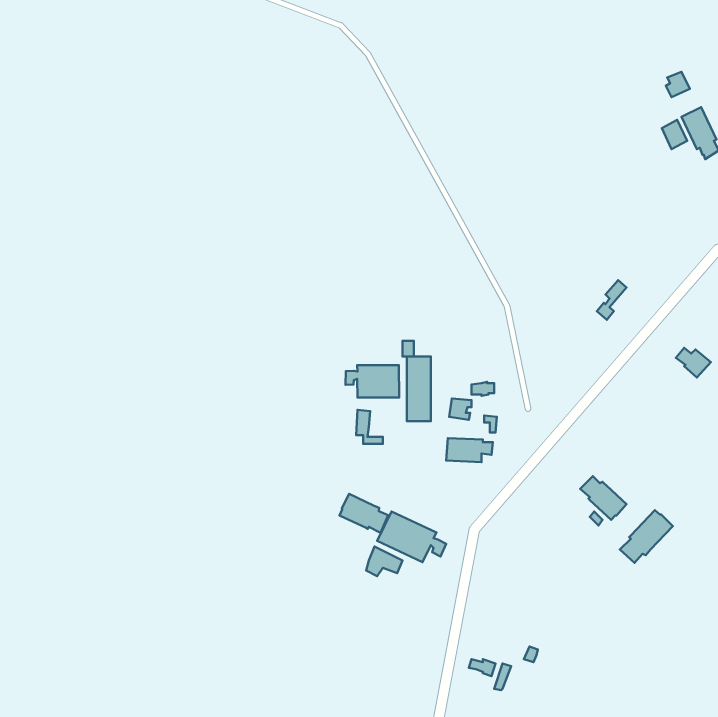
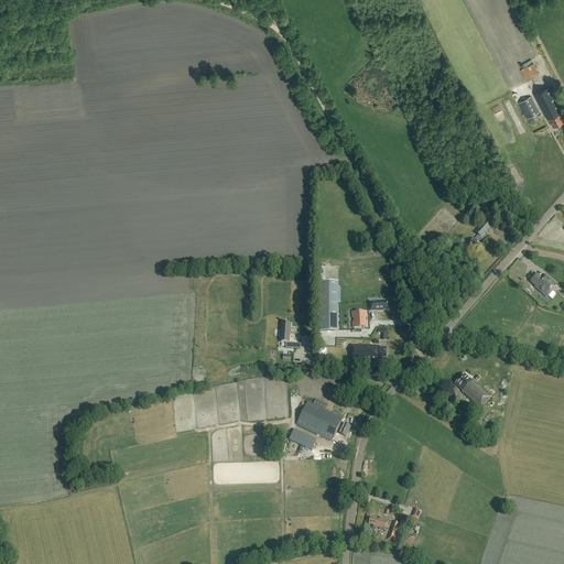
building: [346,365,399,397] -> none
building: [340,494,388,533] -> none
building: [620,510,673,563] -> none

